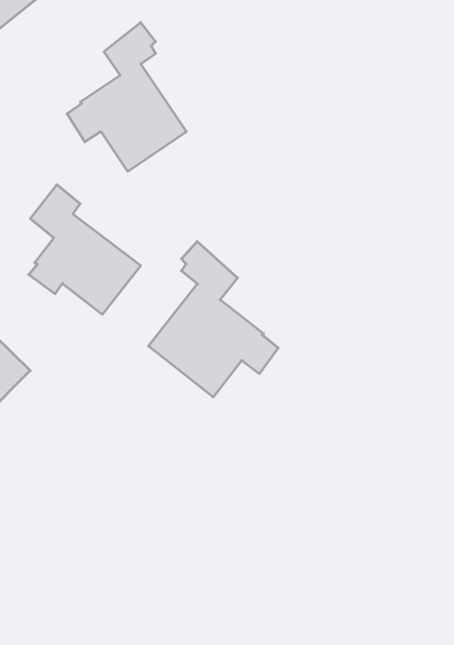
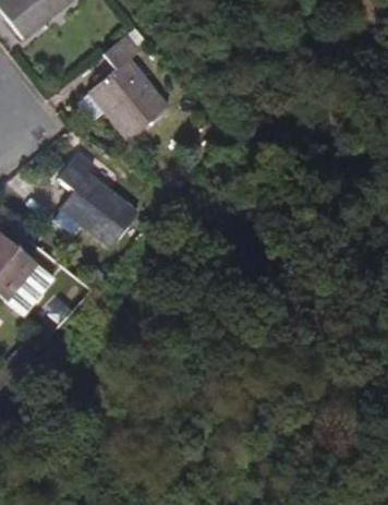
building: [149,241,278,397] -> none

